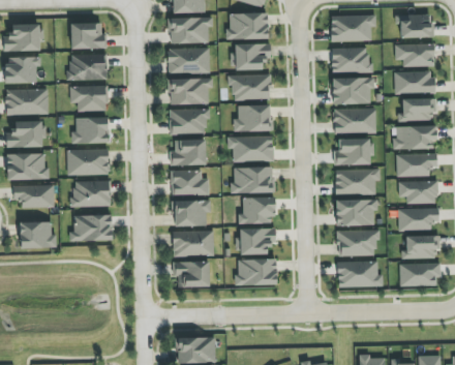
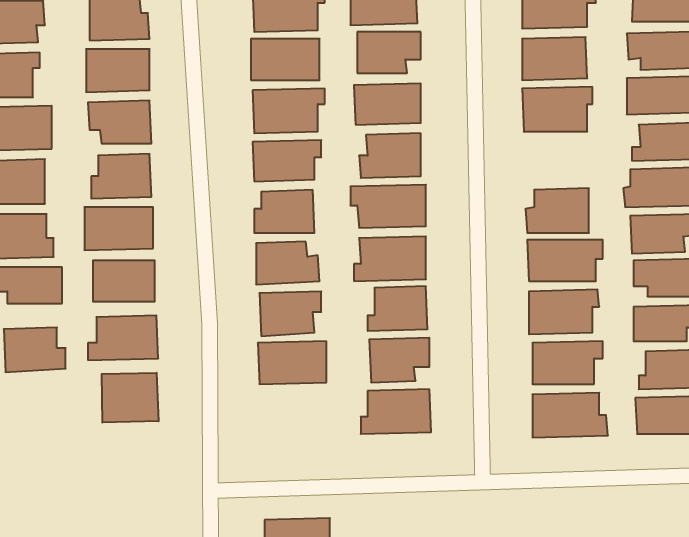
building: [333,108,375,132] -> none
building: none -> [102,373,159,423]
building: [173,261,209,286] -> none

